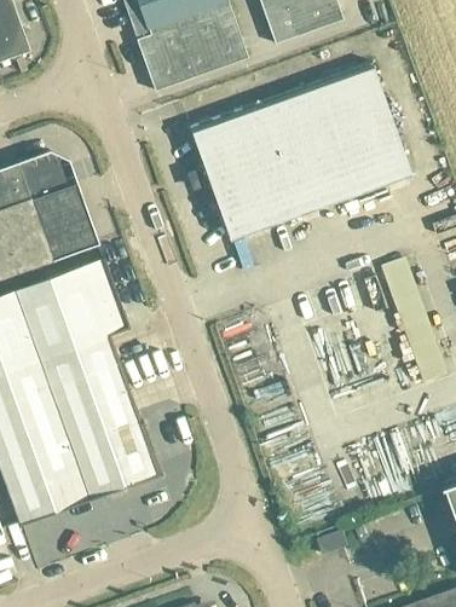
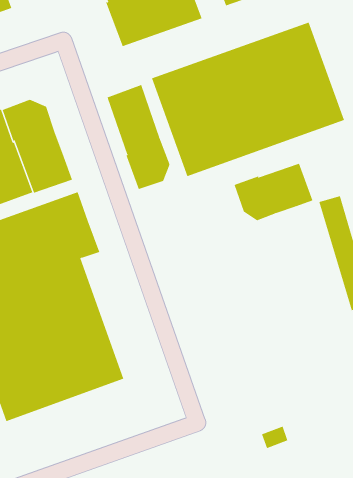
building: none -> [107,84,170,190]
building: none -> [234,163,313,221]

